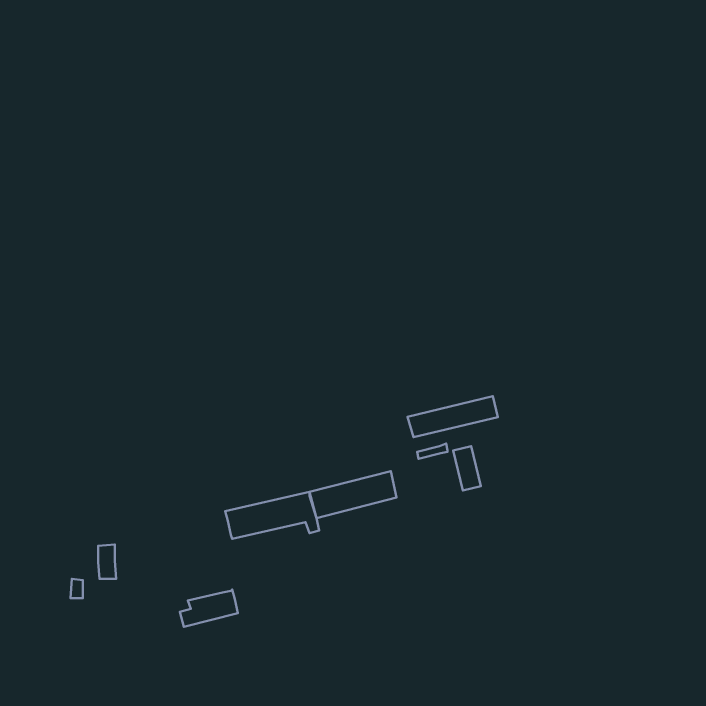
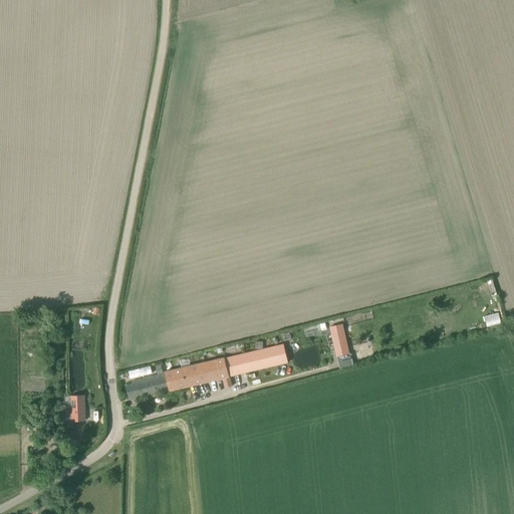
building: [408,396,498,437] -> none
building: [180,590,238,627] -> [125,371,168,399]

